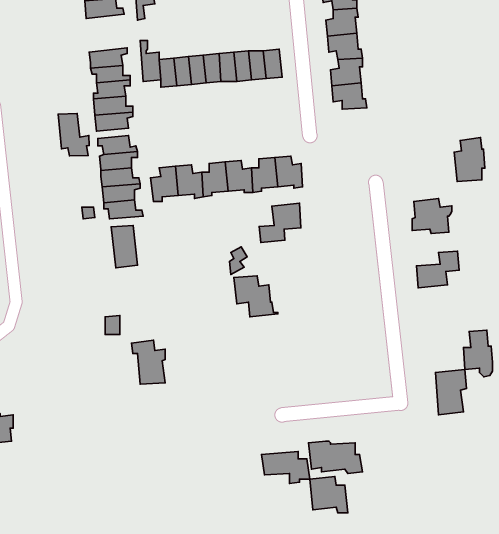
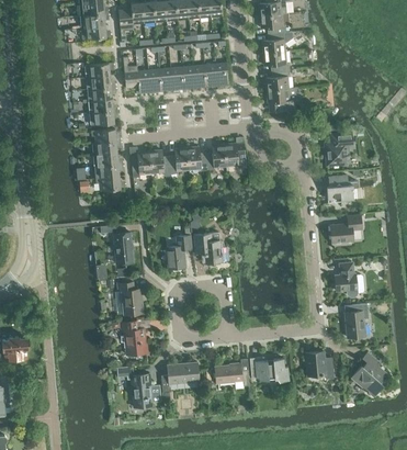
building: [58,114,89,156] -> none
building: [454,138,485,181] -> [325,133,348,166]
building: [259,203,301,242] -> none
building: [111,226,138,268] -> [113,233,133,265]
building: none -> [165,236,191,270]
building: [463,330,493,377] -> [335,262,357,297]
building: none -> [121,322,147,355]
building: none -> [351,352,387,397]
building: none -> [161,362,199,393]
building: none -> [116,367,156,408]
building: [310,476,348,513] -> [305,351,333,379]

